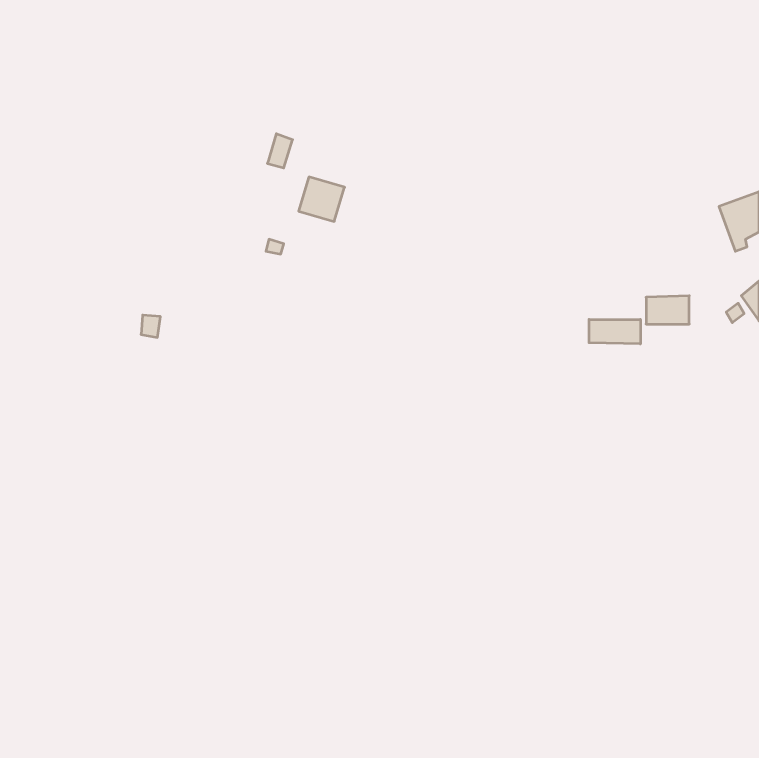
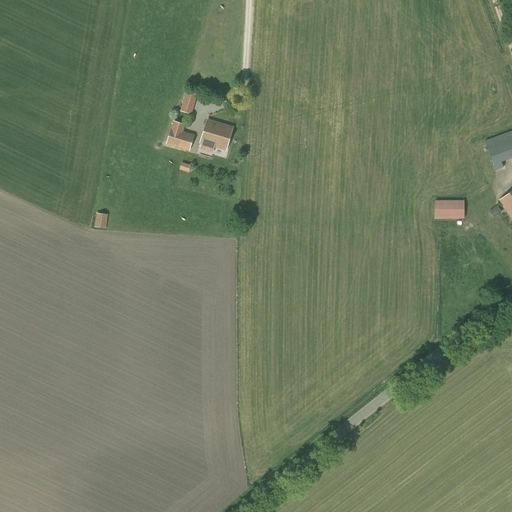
building: none -> [166,120,194,150]
building: [589,319,640,344] -> none

